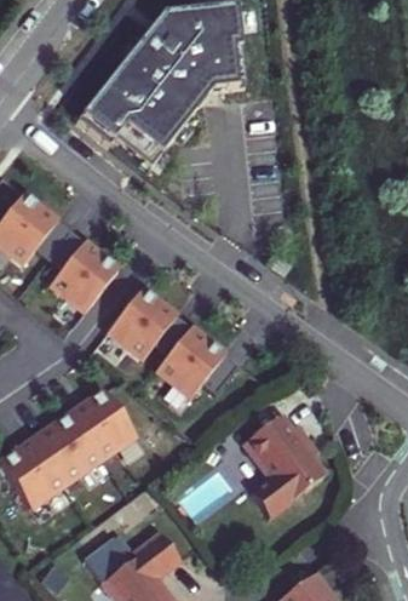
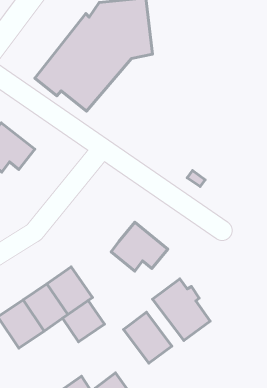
building: [39,227,110,308] -> none
building: [122,292,205,362] -> none
building: none -> [63,300,105,342]
building: none -> [124,312,172,363]

